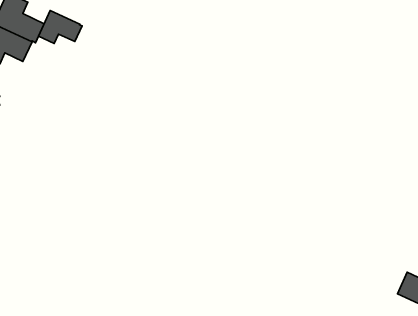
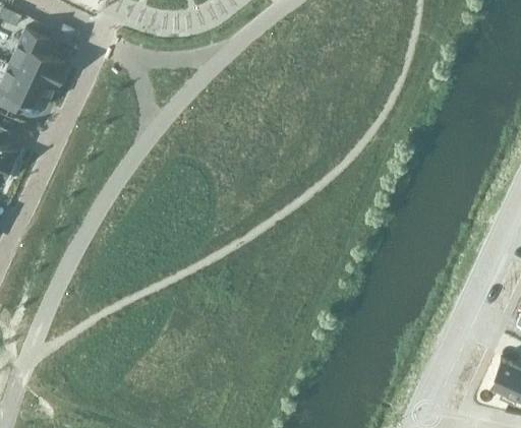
building: [39,10,82,43] -> none

